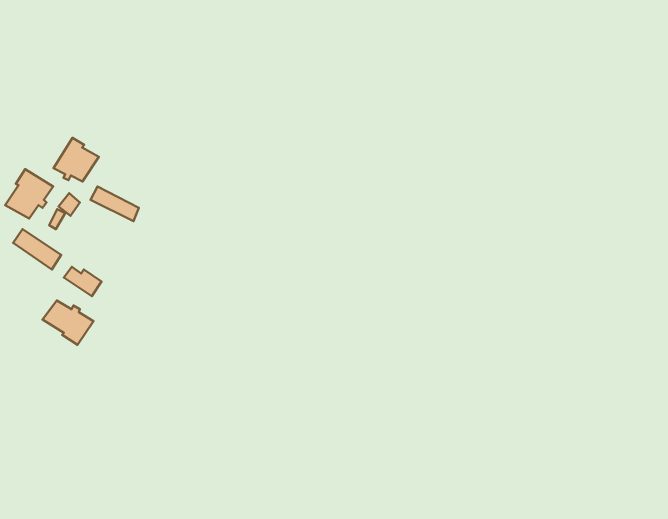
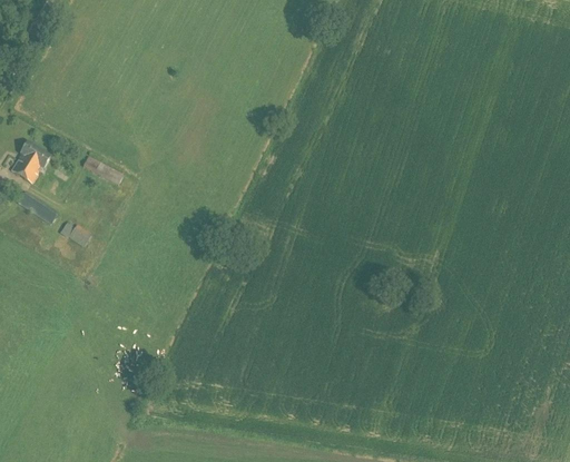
building: [54,138,99,182] -> none
building: [42,300,93,345] -> none

